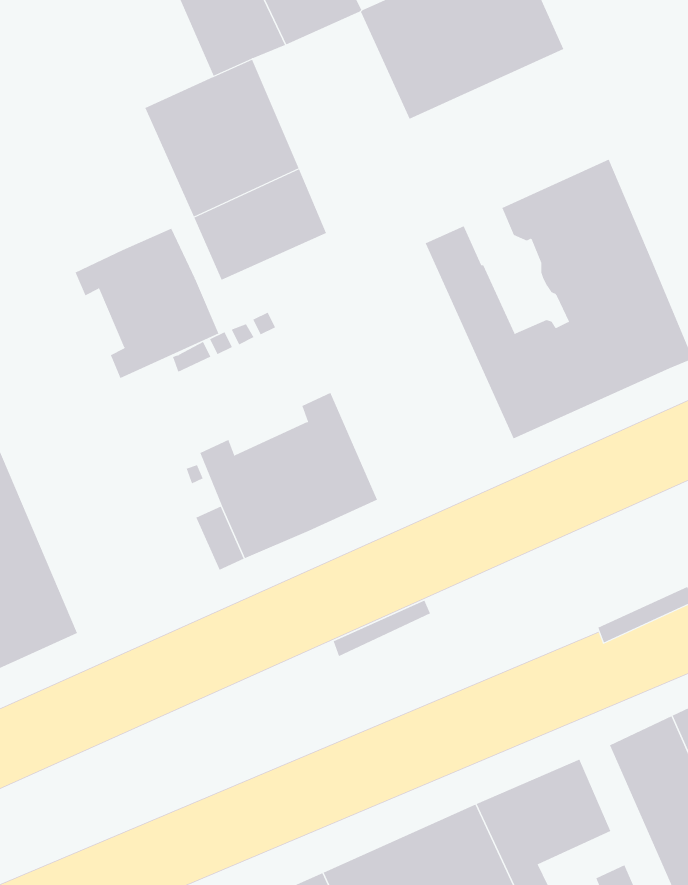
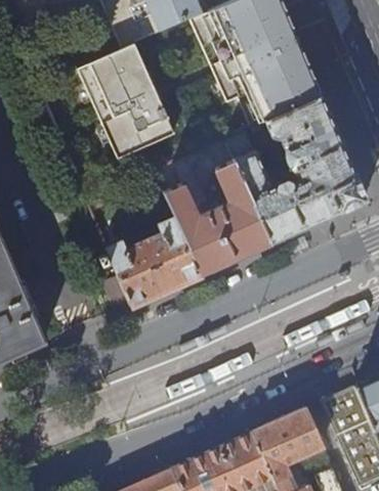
building: none -> [217,38,322,127]
building: [75,228,219,379] -> none
building: none -> [164,139,271,273]

